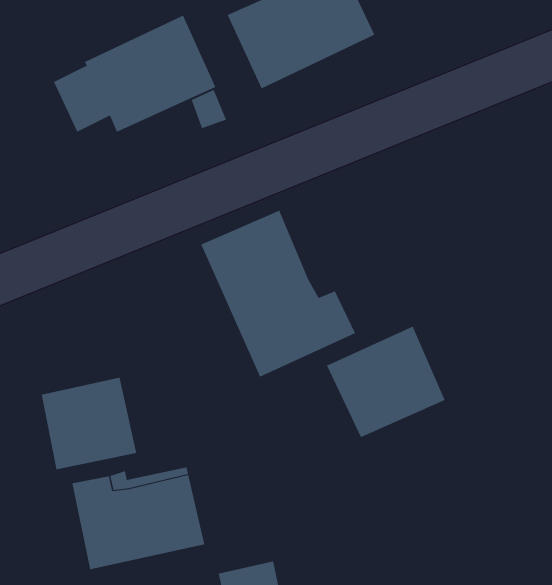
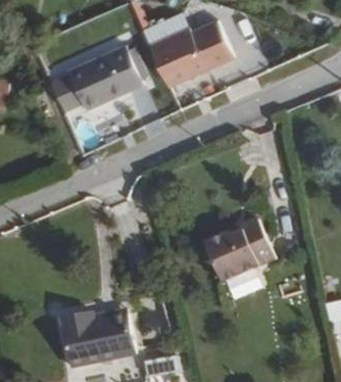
building: [200,210,356,377] -> none
building: [41,377,137,470] -> none

